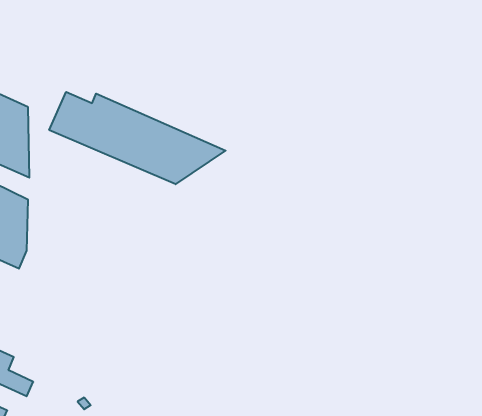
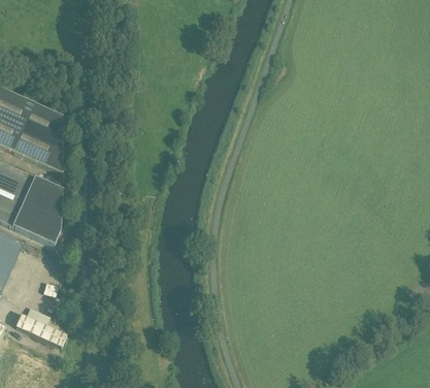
building: [49,92,226,184] -> none

